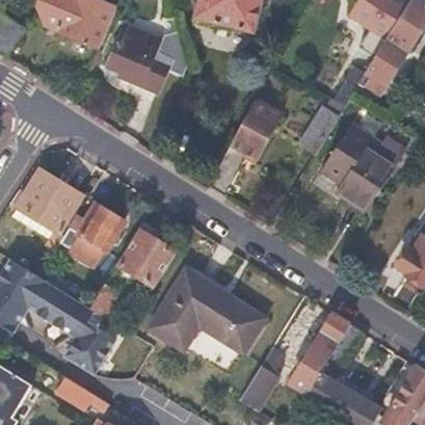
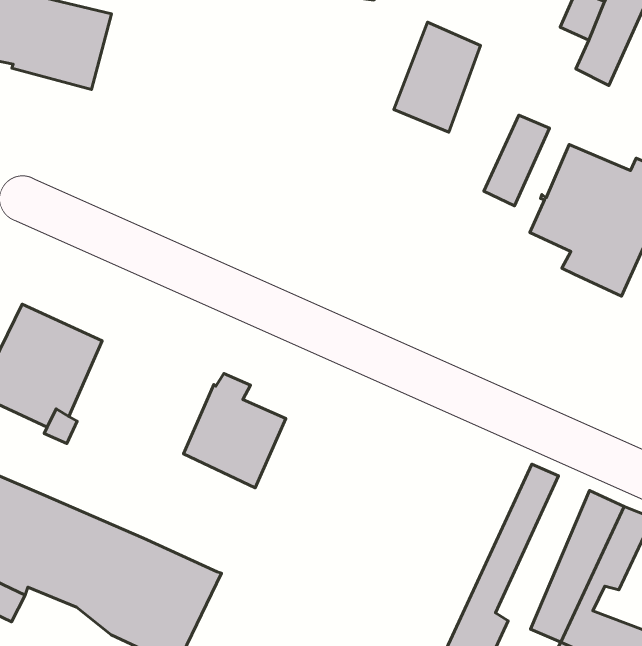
building: [106,23,170,90] -> none
building: [231,99,283,160] -> [394,22,481,132]
building: [68,203,124,265] -> none
building: [148,267,263,351] -> none

